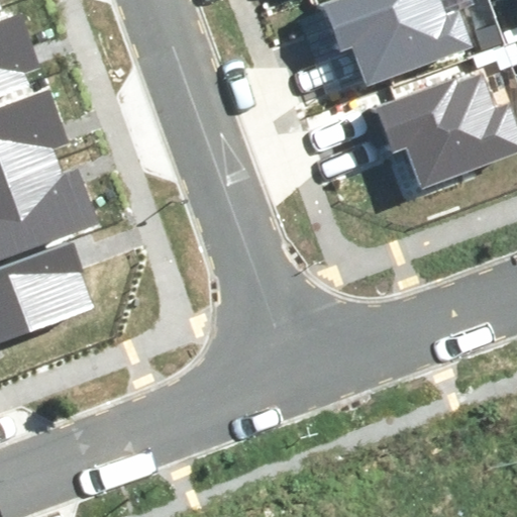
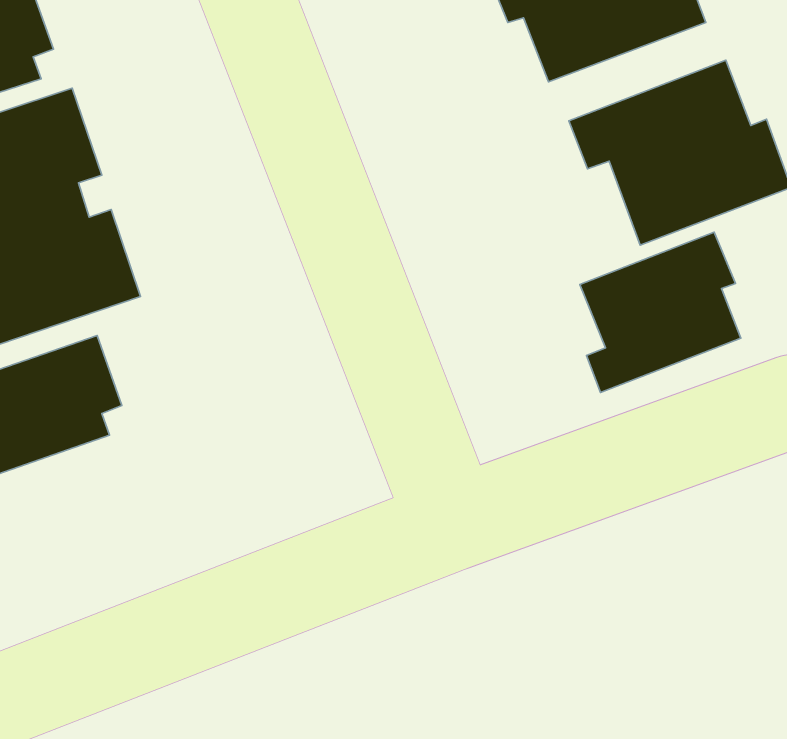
building: none -> [580,232,741,392]

